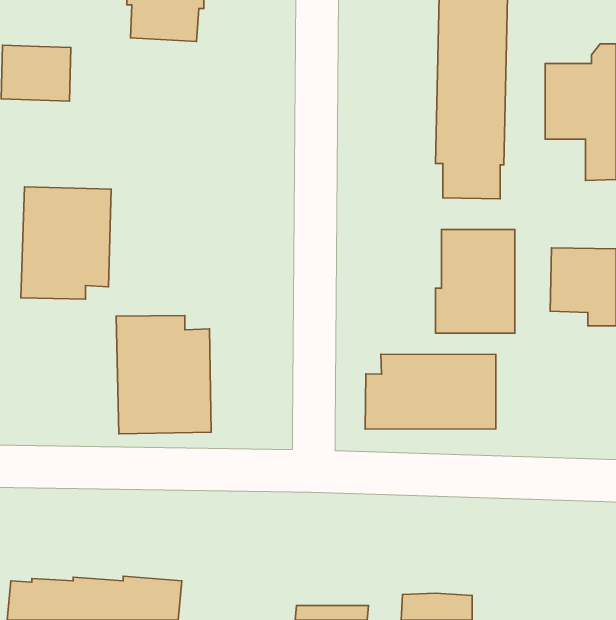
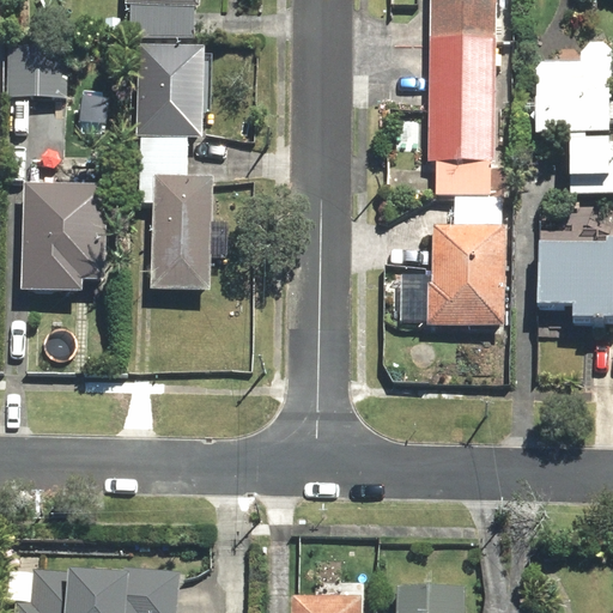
building: none -> [136,45,214,292]
building: [116,316,211,434] -> none
building: [365,354,496,429] -> none

